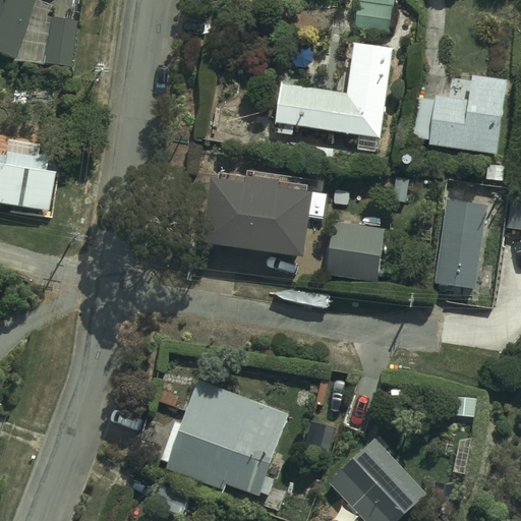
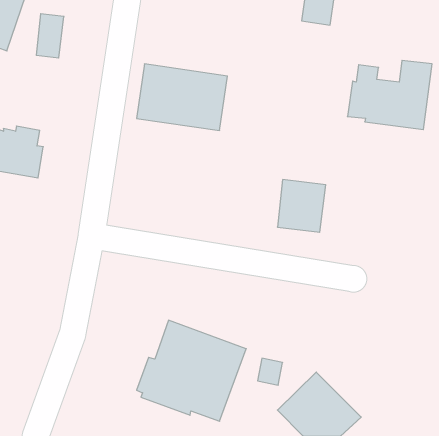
building: [274,40,391,136] -> none
building: [205,182,311,260] -> [137,64,227,130]
building: [433,199,488,290] -> none

